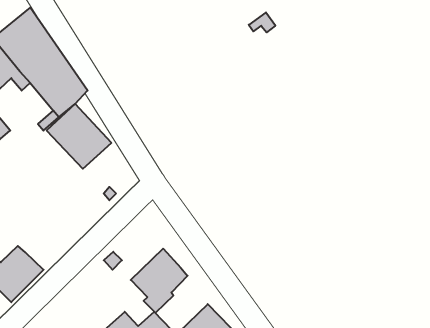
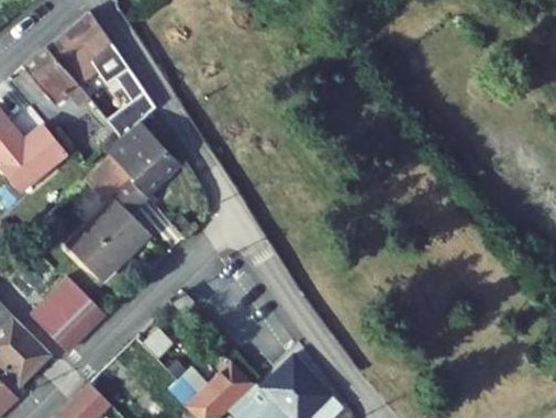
building: none -> [67,160,148,280]
building: [131,249,188,313] -> none

